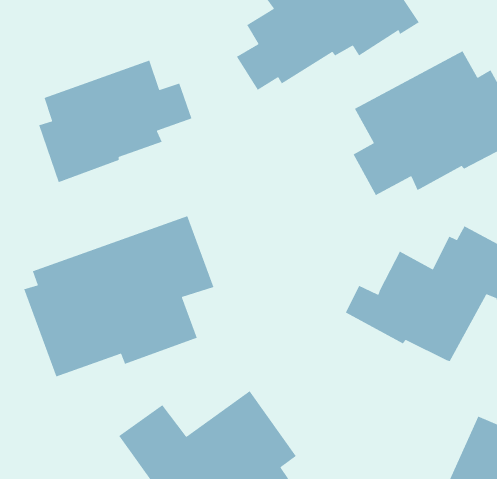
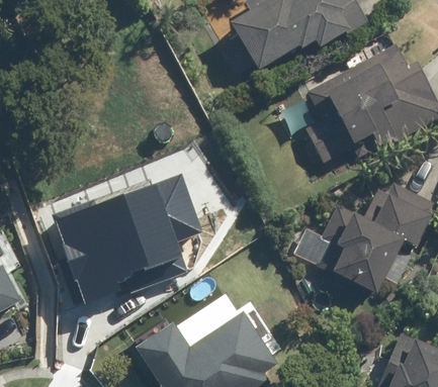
building: [38,60,193,183] -> none

